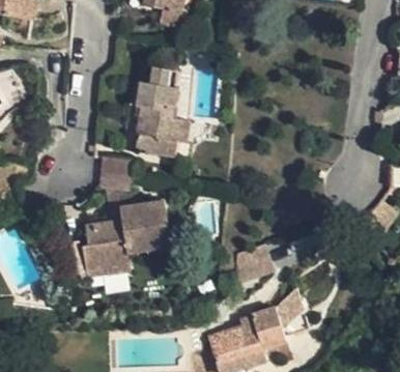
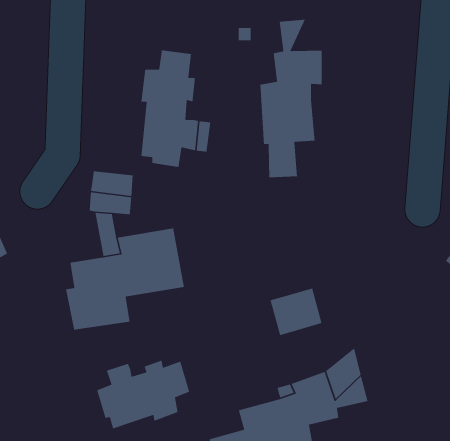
building: none -> [260,19,322,178]
building: none -> [96,360,190,429]

